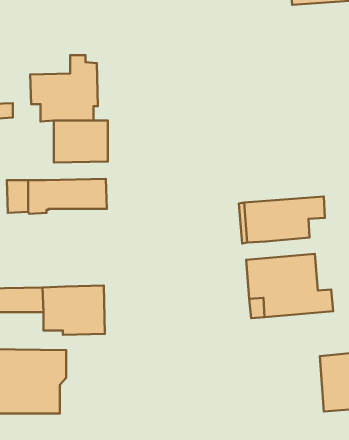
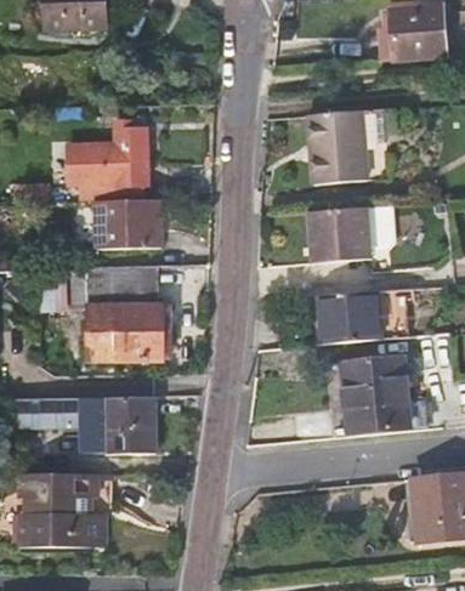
building: none -> [308,109,408,184]
building: none -> [308,208,396,265]
building: none -> [87,303,164,357]

